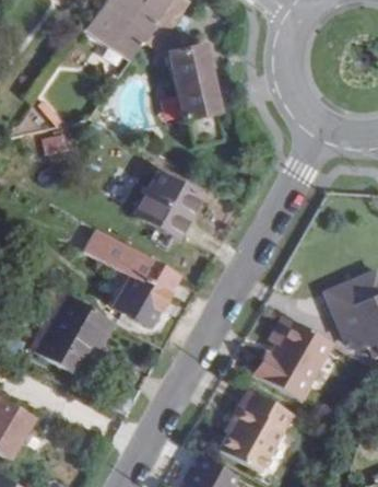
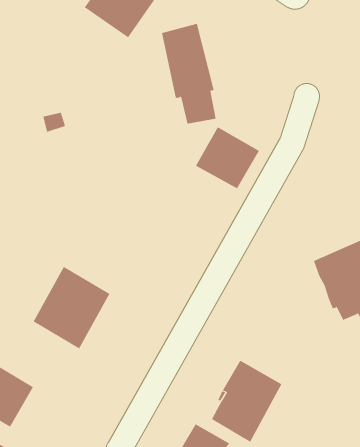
building: [135,173,202,237] -> [195,126,260,189]
building: [86,230,177,328] -> none
building: [259,315,332,401] -> none

